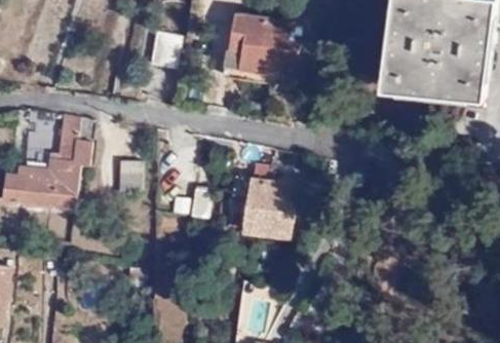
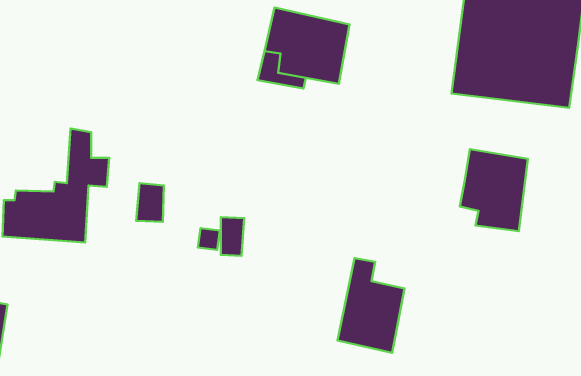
building: [147,31,179,72] -> none
building: none -> [460,149,528,231]
building: [242,162,299,242] -> [338,258,404,353]

